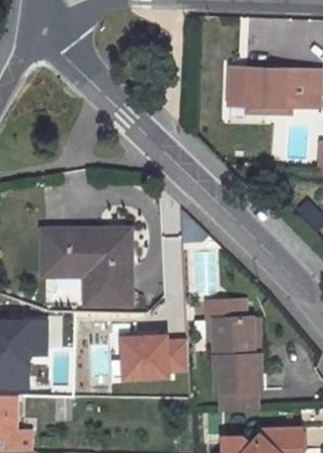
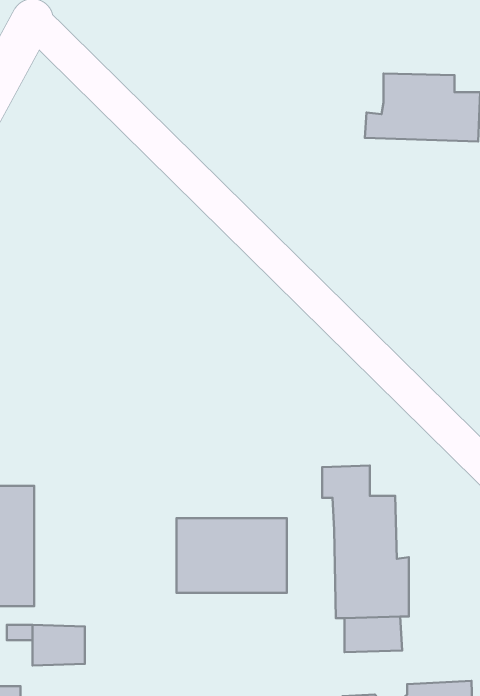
building: [41,232,127,302] -> none

